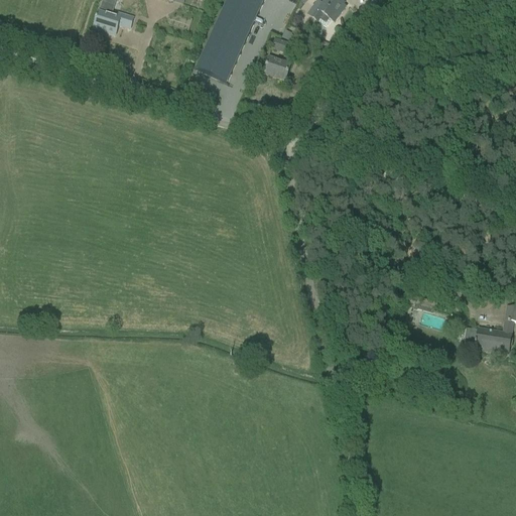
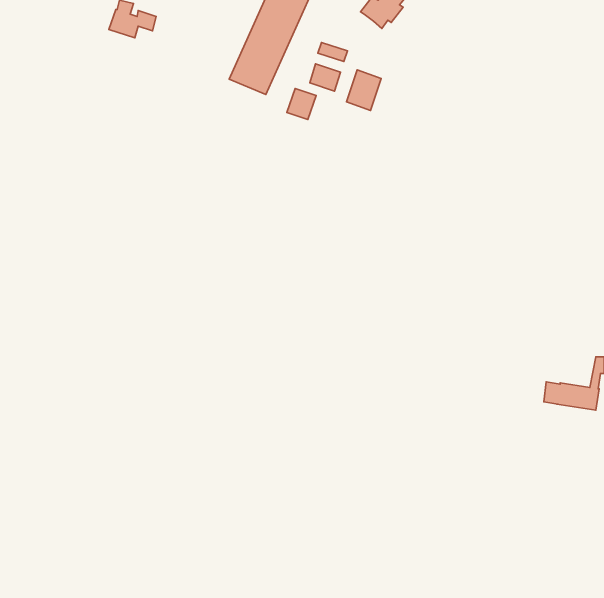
building: none -> [346,70,381,110]
building: none -> [287,89,316,120]

